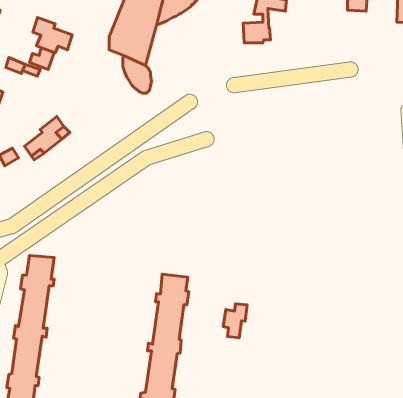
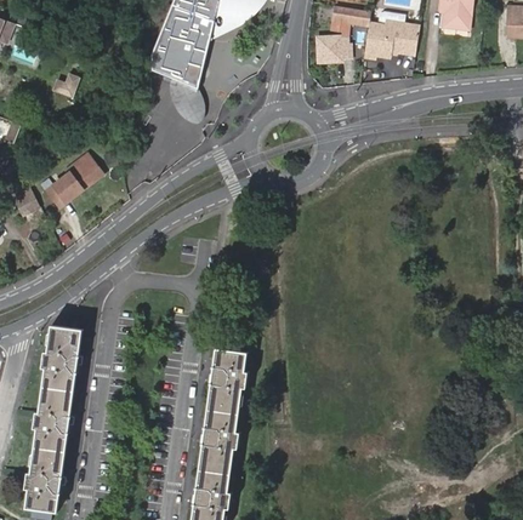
building: none -> [363,19,417,57]
building: [33,18,72,53] -> none
building: [223,304,247,338] -> none

